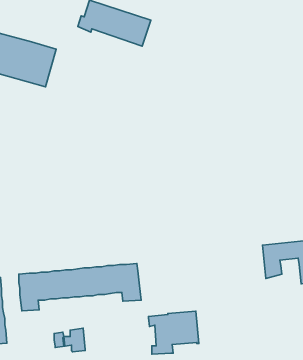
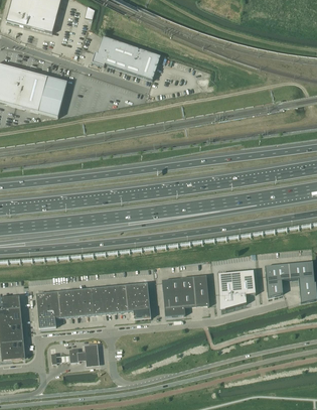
building: none -> [217,270,256,309]
building: [148,311,199,354] -> [162,275,209,315]

